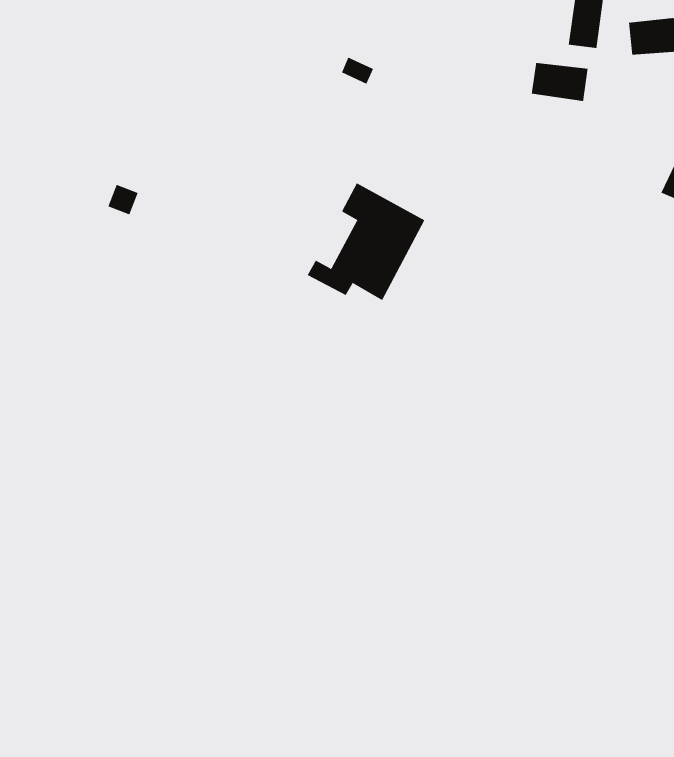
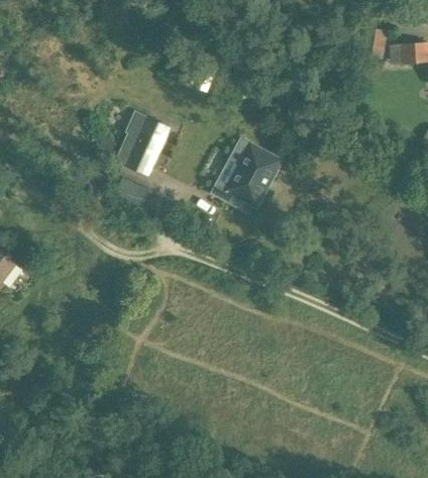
building: [531,62,588,102] -> none
building: none -> [121,117,167,171]

